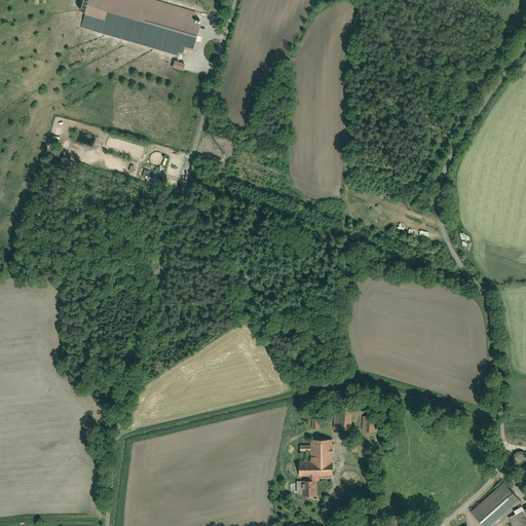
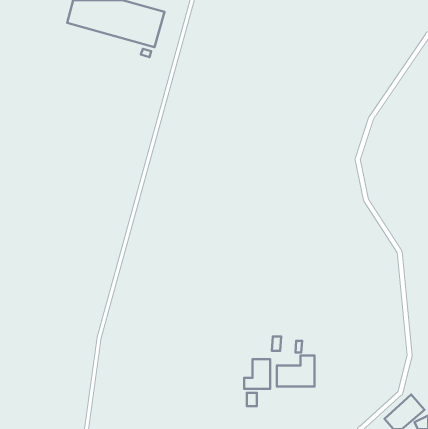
building: none -> [277,356,314,387]

